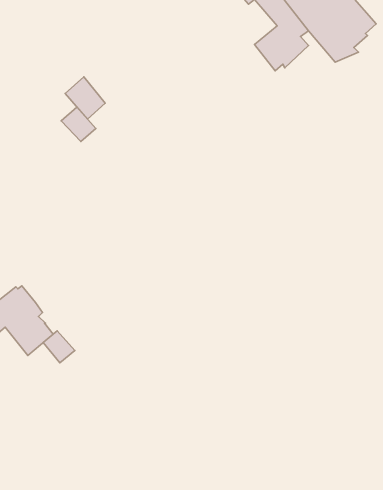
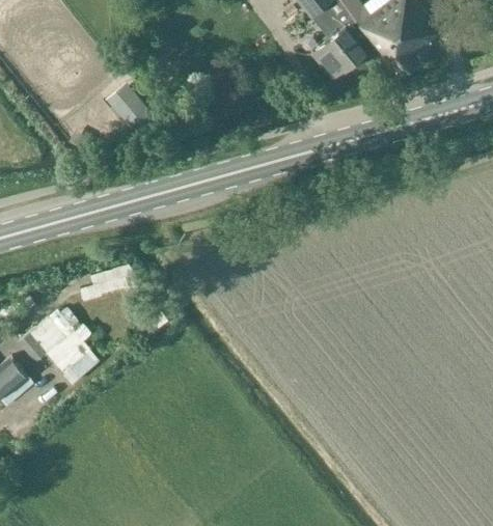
building: [61,107,96,142] -> none
building: [43,331,75,363] -> none

